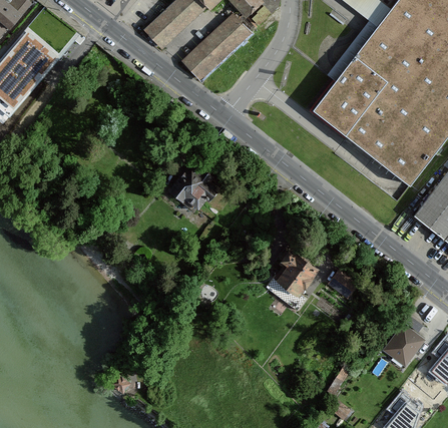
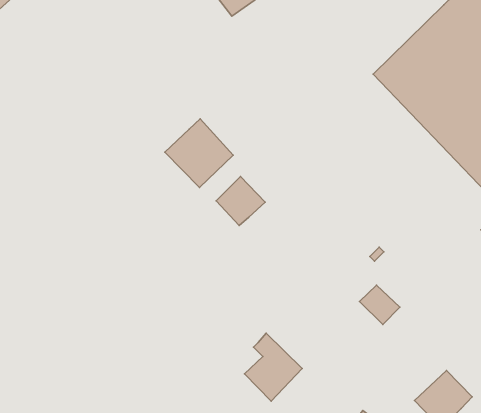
building: none -> [216,176,265,225]
building: [274,249,317,300] -> [245,333,302,401]

